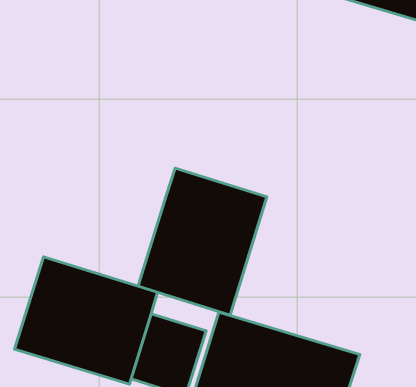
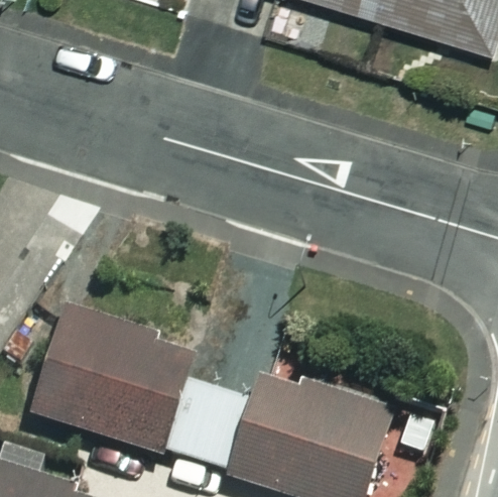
building: [138,168,267,315] -> none

